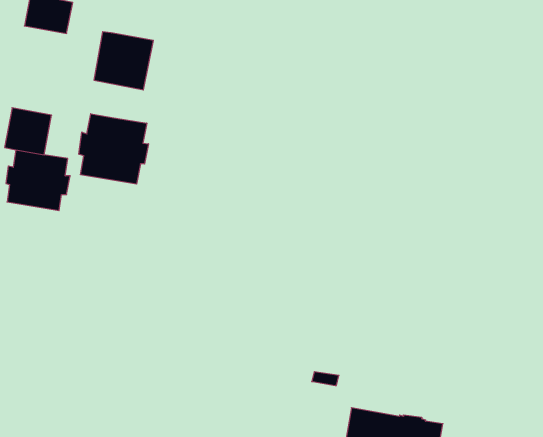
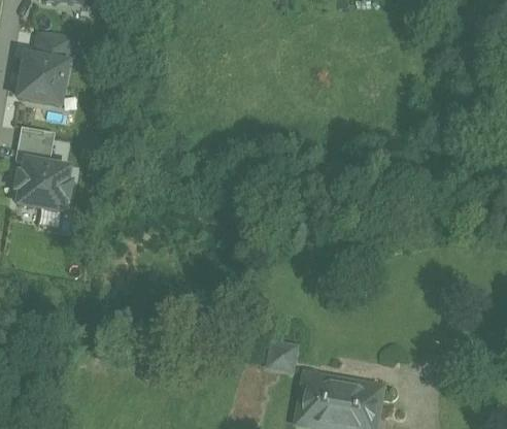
building: [94,32,153,90] -> [18,58,67,106]
building: [79,114,148,184] -> none

